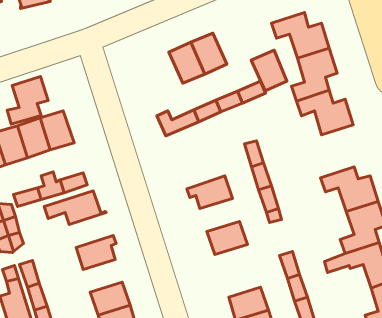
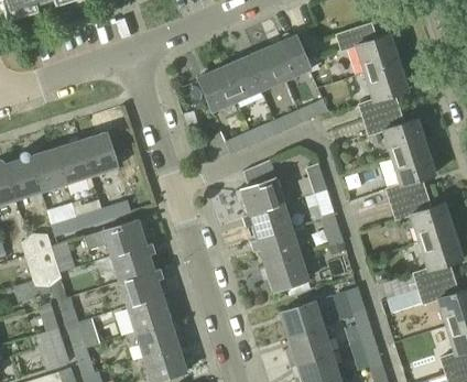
building: [251,50,287,91] -> [271,35,311,80]
building: none -> [198,67,238,112]
building: [7,77,48,124] -> none
building: none -> [385,148,435,206]
building: none -> [240,177,284,216]
building: none -> [250,229,301,265]
building: none -> [112,244,161,283]
building: none -> [128,296,171,332]
building: none -> [280,301,324,338]

